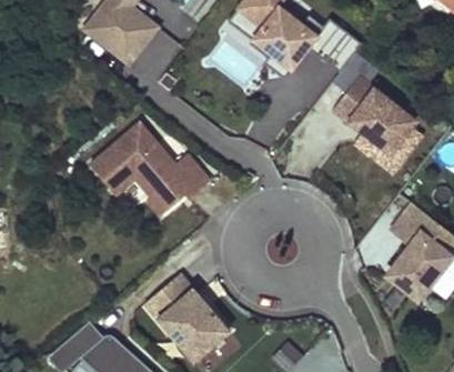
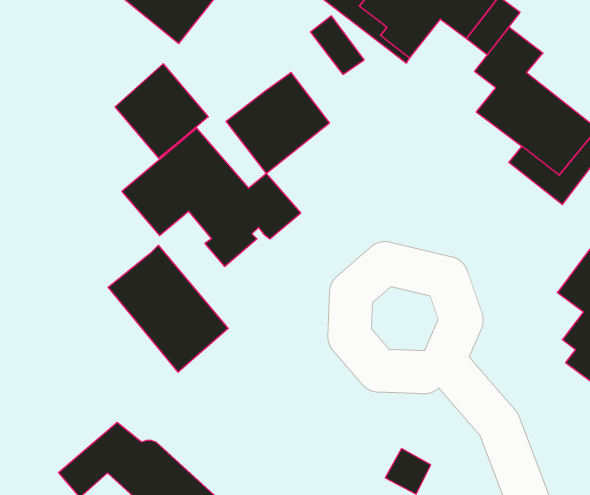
building: none -> [115,64,208,158]
building: none -> [226,72,329,174]
building: [144,273,226,360] -> [108,245,228,372]

